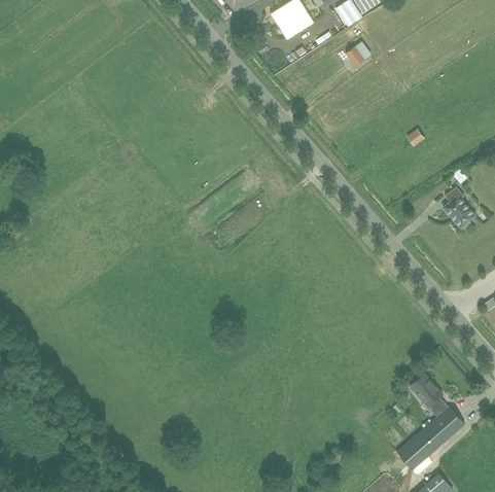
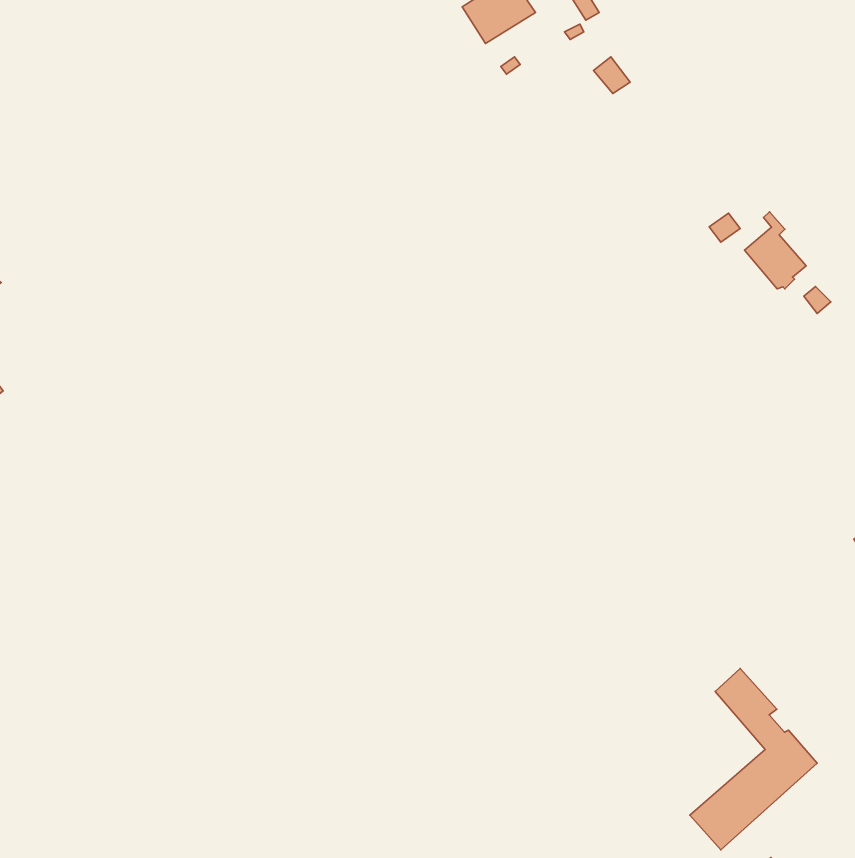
building: [443,186,475,227] -> [744,212,806,289]

